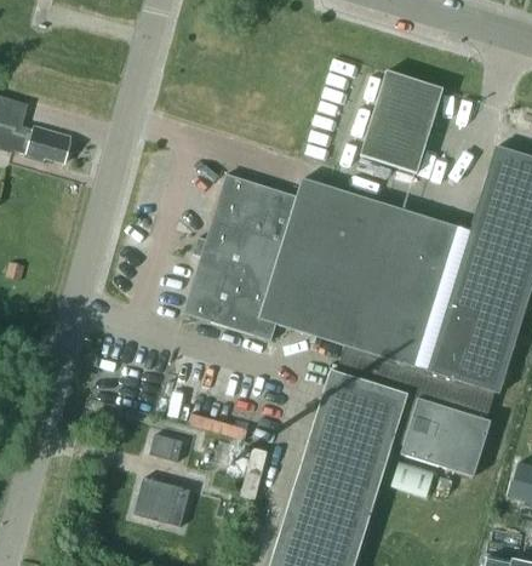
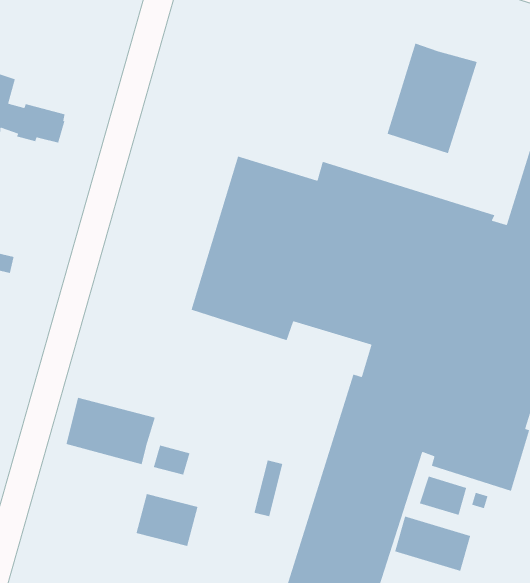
building: none -> [66,397,156,465]
building: none -> [394,515,471,572]

